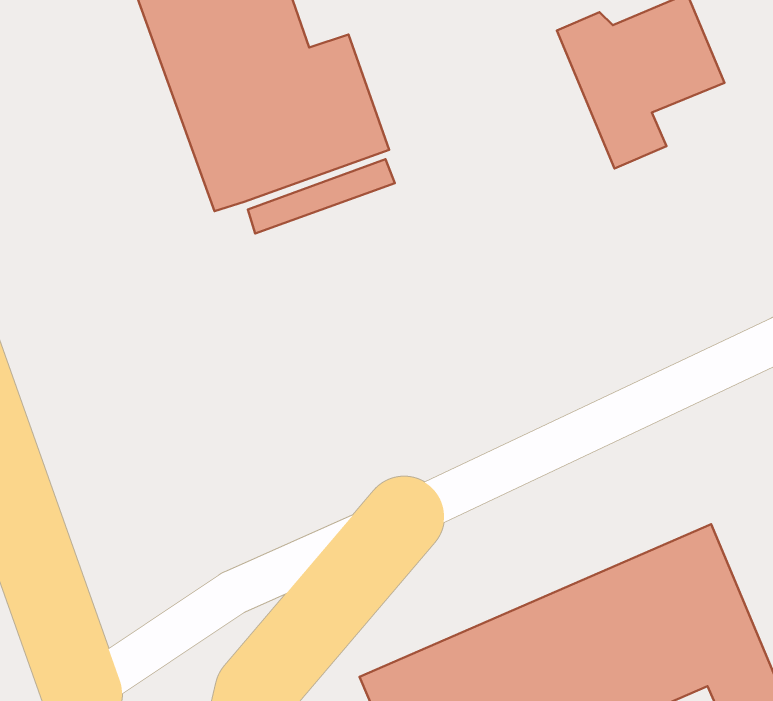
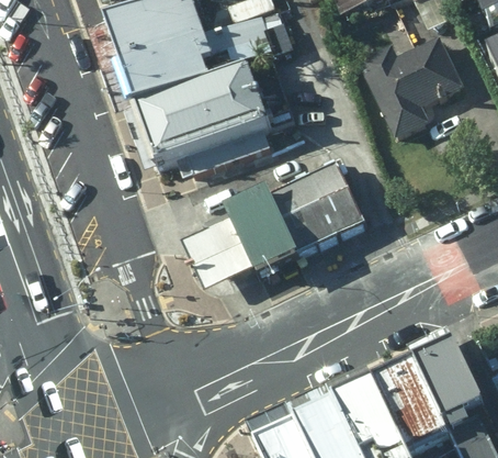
building: none -> [180,152,362,291]

